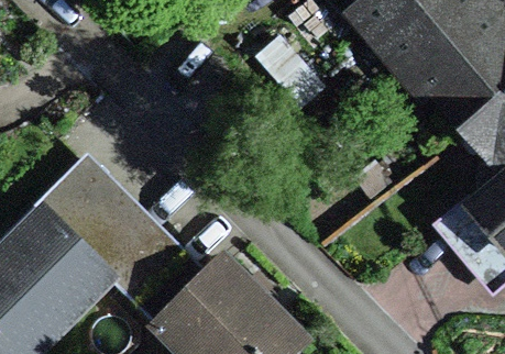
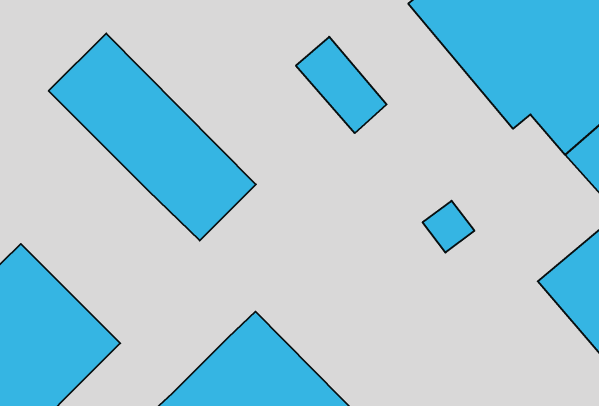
building: [46,155,205,313] -> [49,33,256,241]

